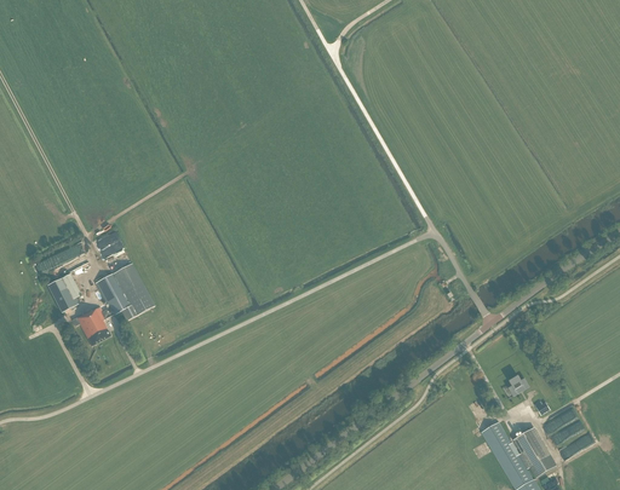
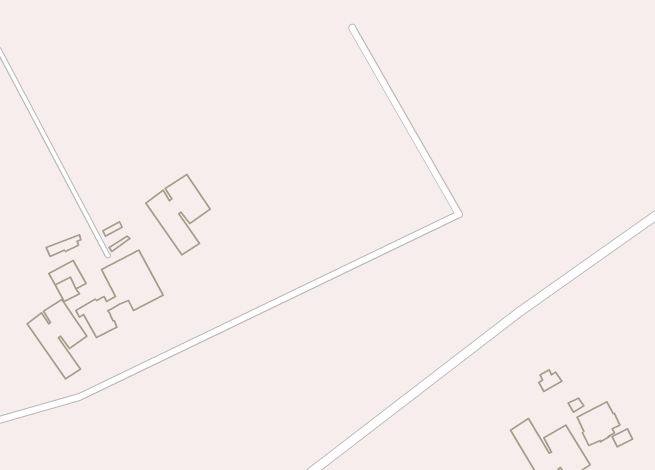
building: none -> [146,175,210,255]
building: none -> [27,300,87,379]

